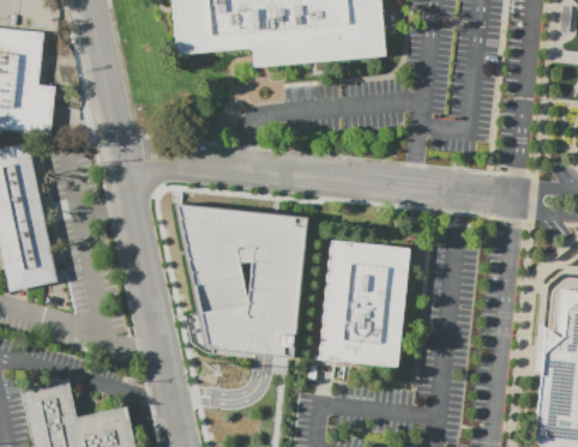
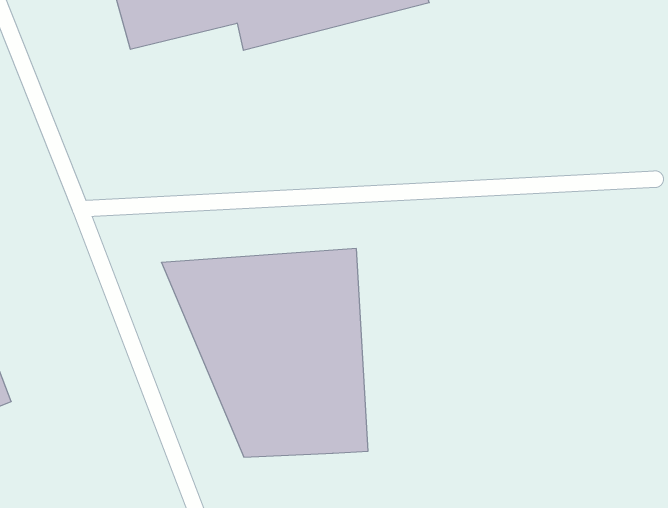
building: [318,241,409,367] -> none

